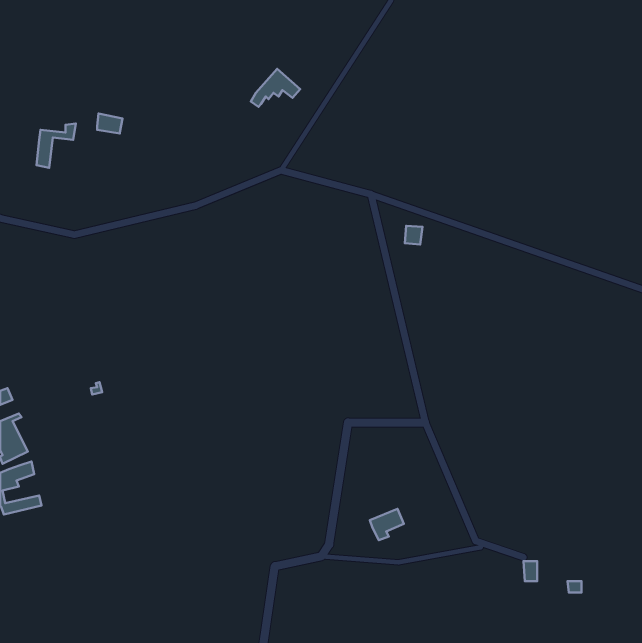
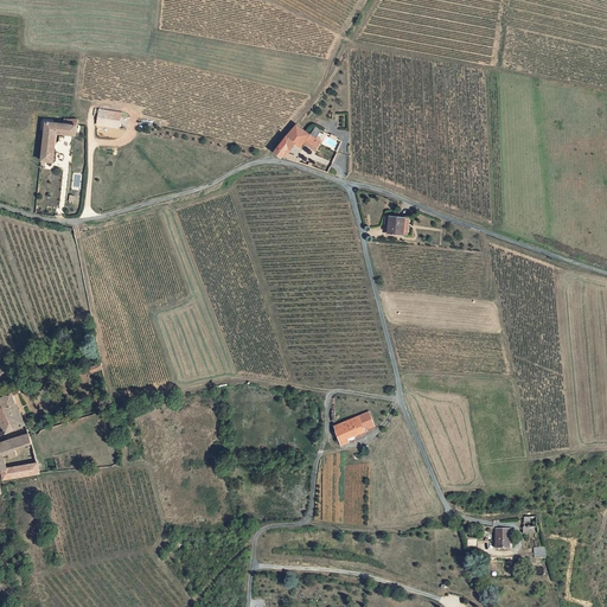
building: [251,69,300,107] -> [279,124,325,160]
building: [370,509,404,540] -> [332,415,364,445]

